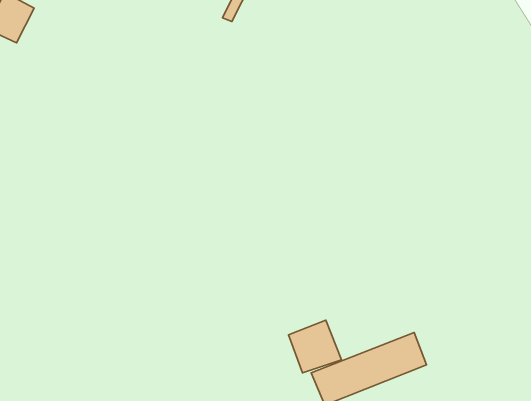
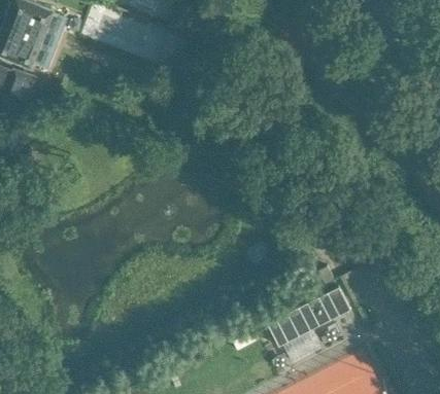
building: [289,320,341,373] -> none

